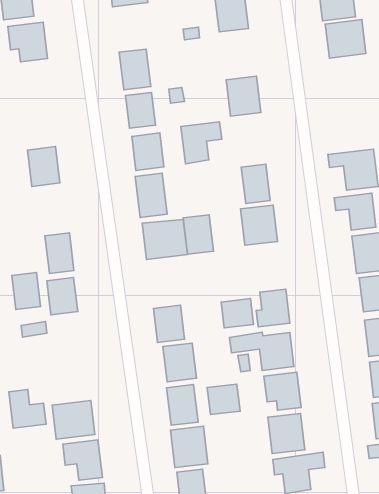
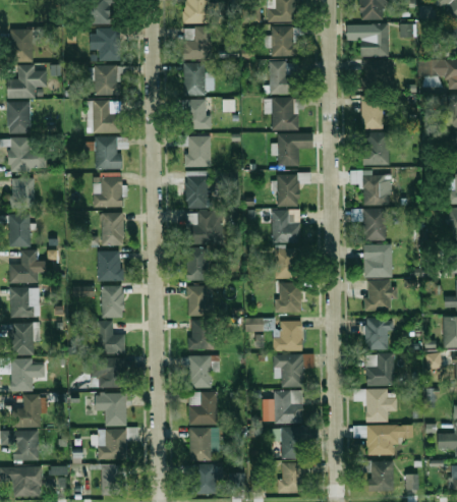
building: none -> [183,29,213,59]
building: none -> [271,61,300,94]
building: none -> [361,97,384,128]
building: none -> [96,66,121,96]
building: none -> [363,133,390,165]
building: none -> [88,102,121,133]
building: [181,122,222,164] -> [278,133,311,166]
building: none -> [94,178,122,208]
building: [183,215,213,254] -> [186,248,209,280]
building: [12,273,41,310] -> [102,286,123,316]
building: [221,299,254,328] -> [275,254,300,276]
building: [207,384,240,415] -> none
building: [9,390,46,428] -> [97,322,125,353]

